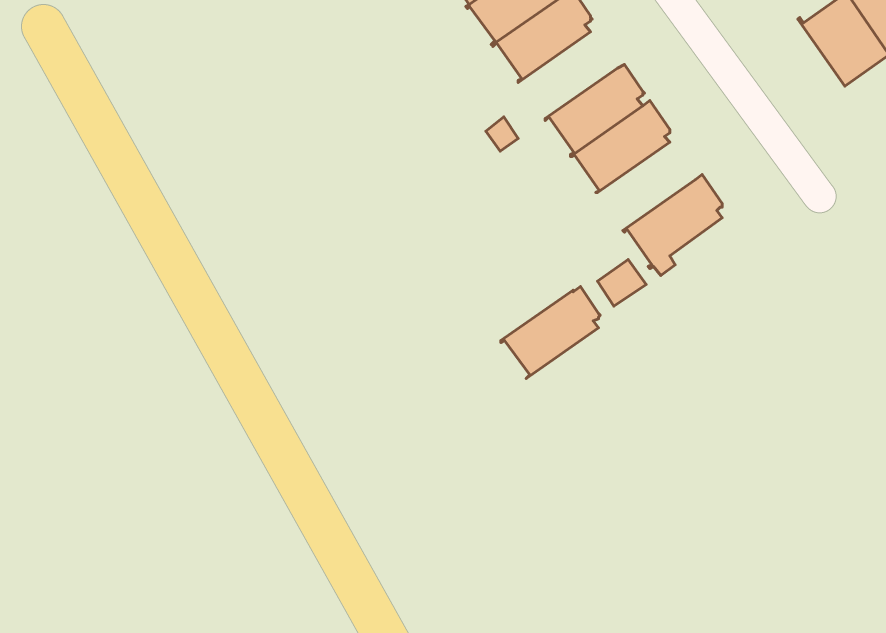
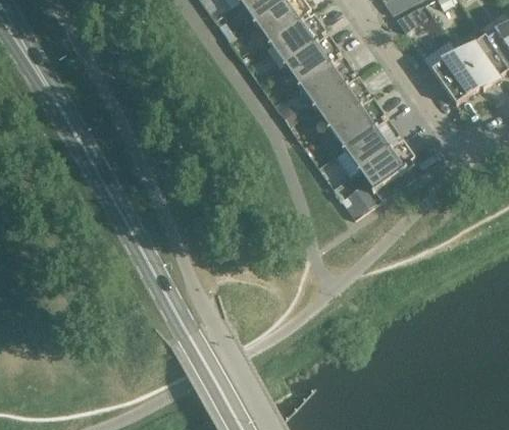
building: none -> [426,52,478,105]
building: none -> [294,56,350,108]
building: [501,286,600,378] -> [339,119,395,171]

